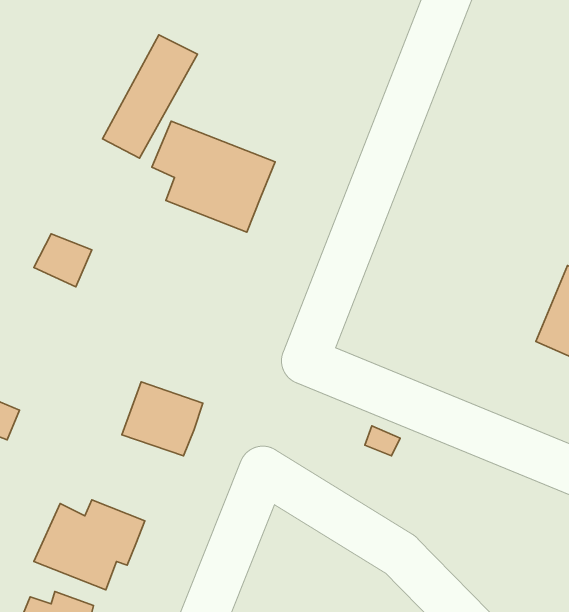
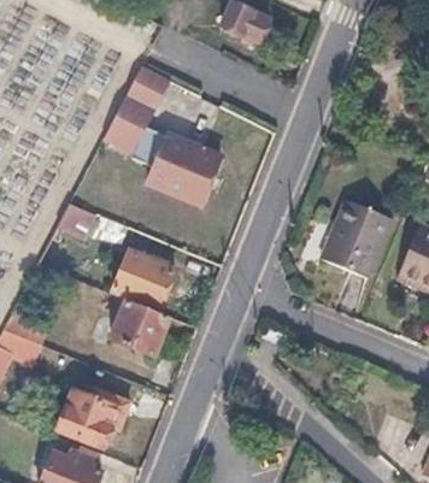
building: none -> [322,201,392,278]
building: none -> [116,254,172,308]

